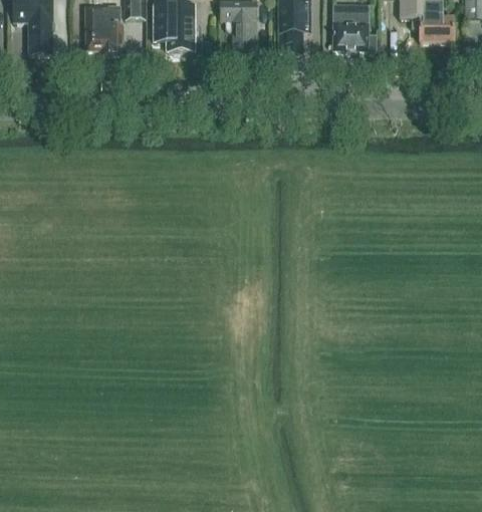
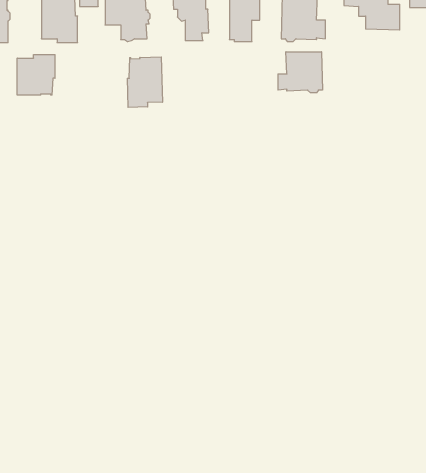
building: none -> [278,52,322,93]
building: none -> [17,55,55,95]
building: none -> [127,57,162,107]

